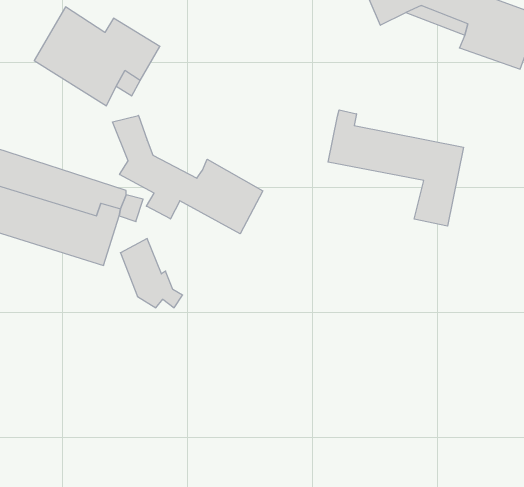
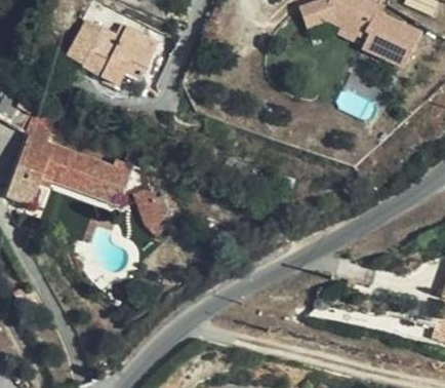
building: [328,110,463,226] -> none
building: [113,115,263,234] -> none

